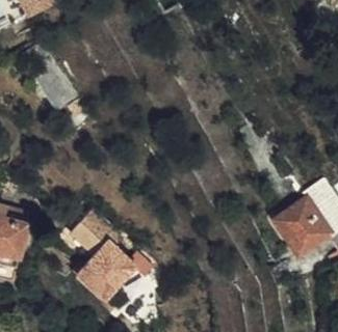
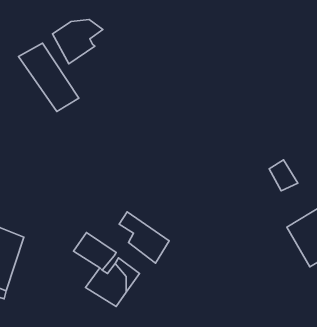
building: none -> [52,20,103,64]
building: none -> [119,212,169,263]

